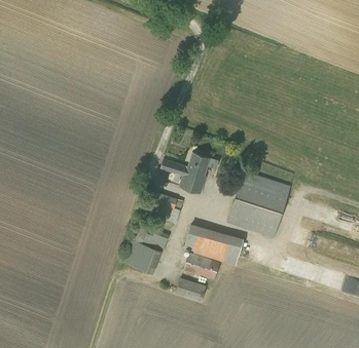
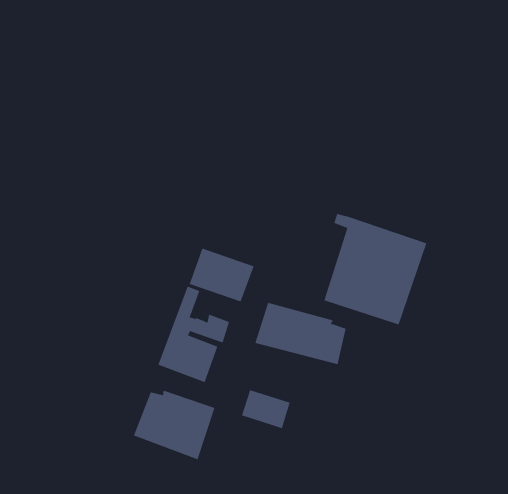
building: [161,152,220,194] -> none
building: [184,253,220,280] -> none
building: none -> [133,390,215,460]

